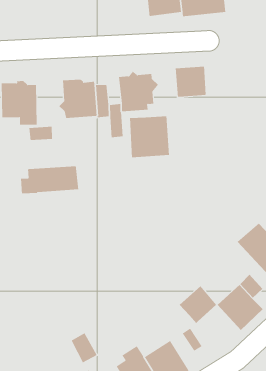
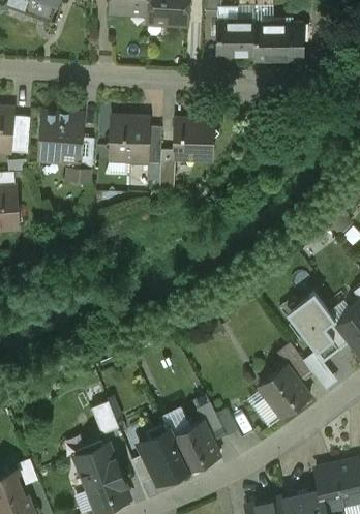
building: [175,66,206,98] -> none
building: [129,116,170,158] -> none
building: [21,165,79,194] -> none
building: [179,285,217,324] -> none

